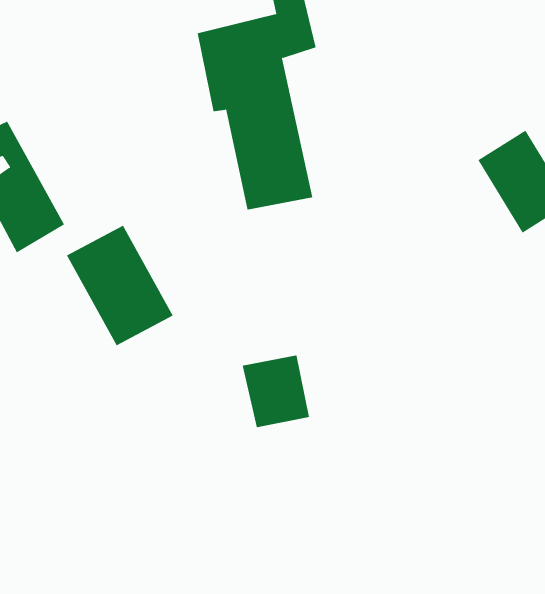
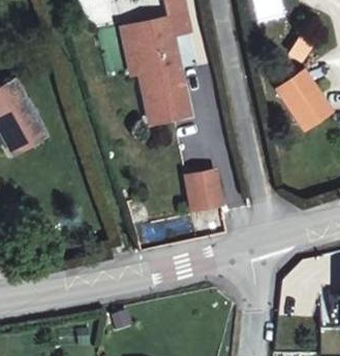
building: [66,225,173,346] -> none
building: [242,355,310,428] -> [182,173,221,216]

